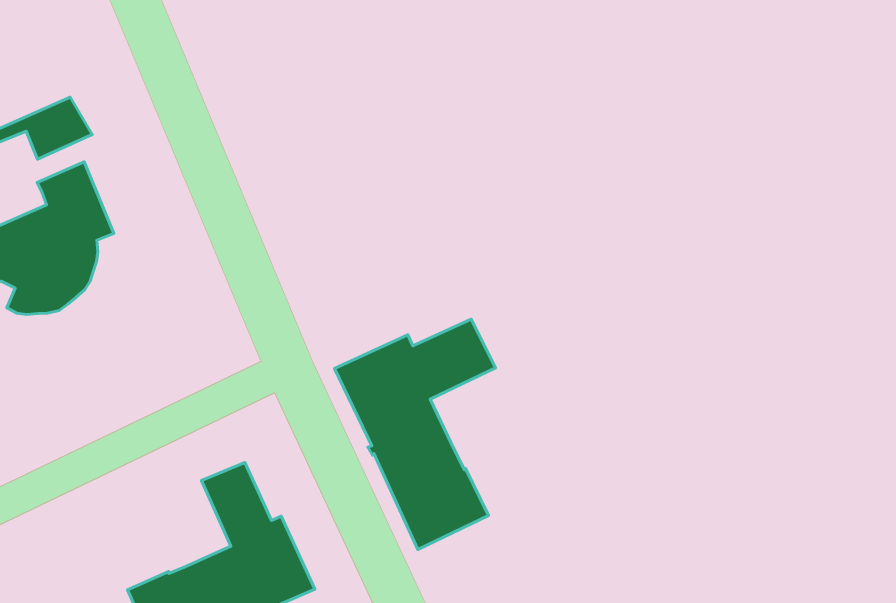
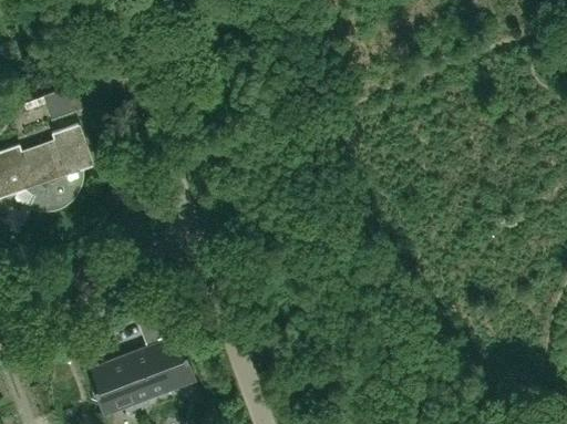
building: [335,319,495,550] -> none

